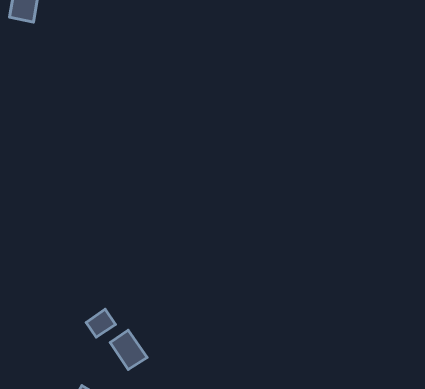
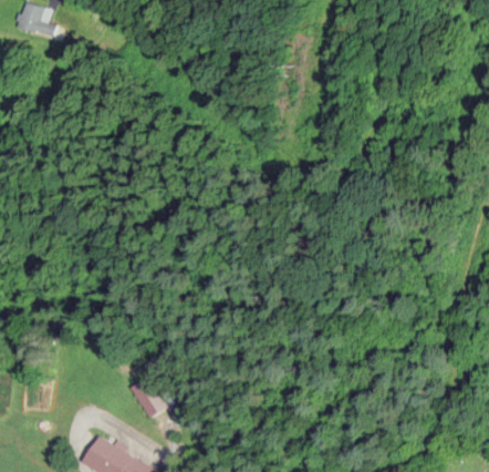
building: [86,309,115,337] -> none

